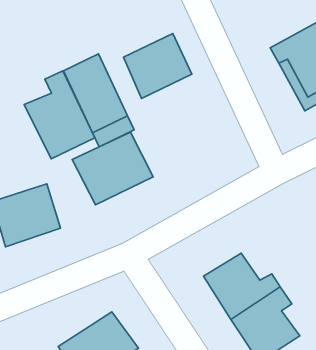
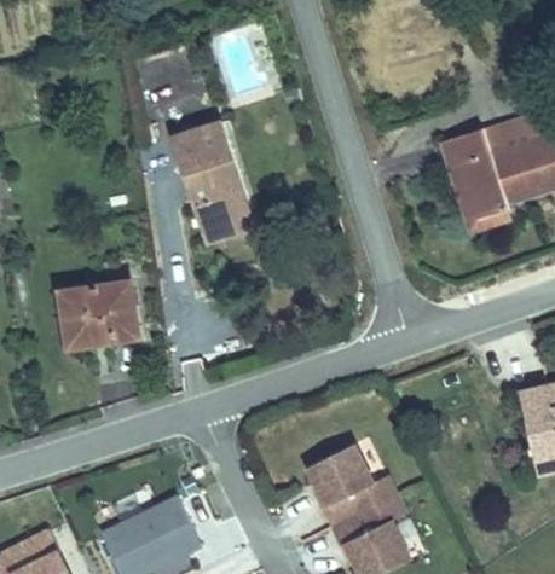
building: [123,33,192,99] -> none
building: [24,71,95,159] -> none
building: [72,132,153,205] -> none

